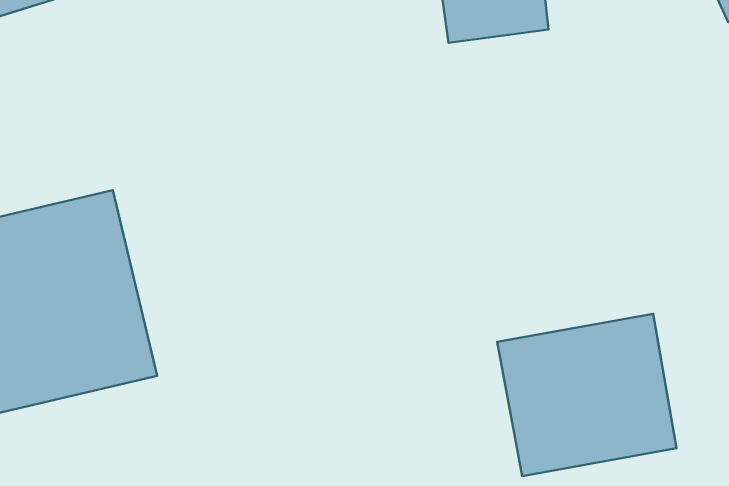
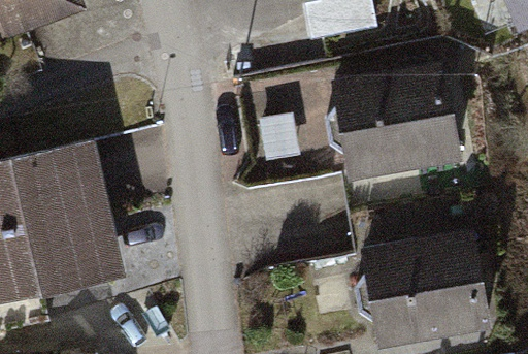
building: none -> [338,68,462,174]

